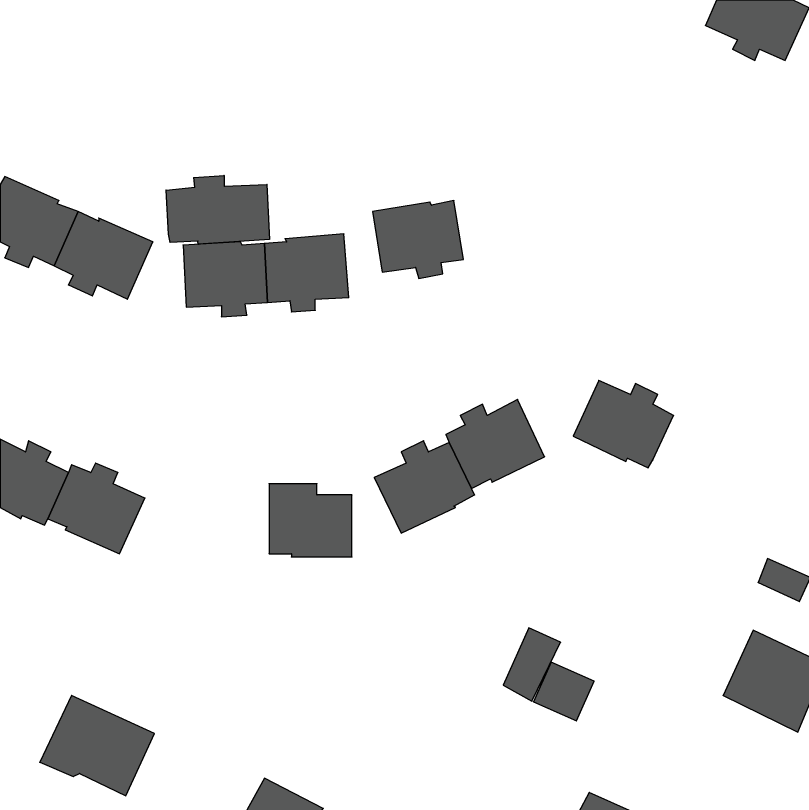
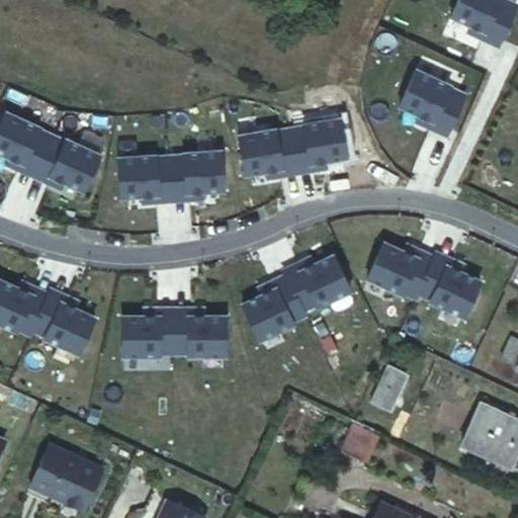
building: none -> [400,72,465,131]
building: [166,175,269,244] -> none
building: none -> [291,119,348,172]
building: none -> [418,260,480,319]
building: none -> [122,310,174,356]
building: [503,628,561,701] -> [371,364,408,411]

